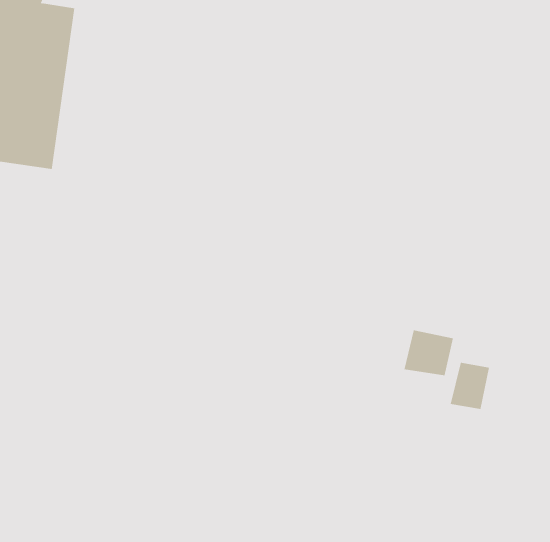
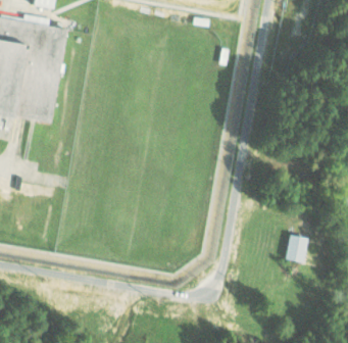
building: [404,330,454,376] -> none

